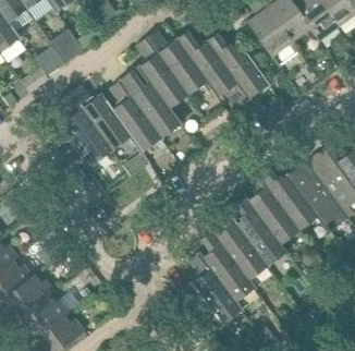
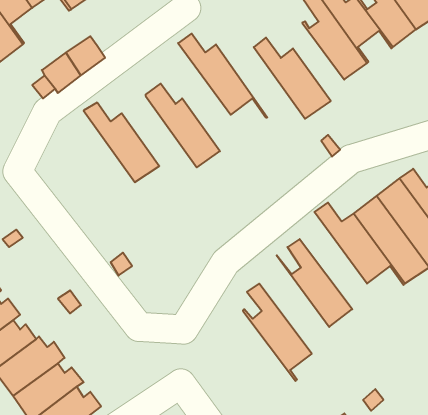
building: [176,32,248,99] -> none
building: [136,37,188,124] -> none
building: [100,80,161,152] -> none
building: [60,92,111,164] -> none
building: [244,173,298,252] -> none
building: [211,208,268,288] -> none
building: [180,253,241,332] -> none

